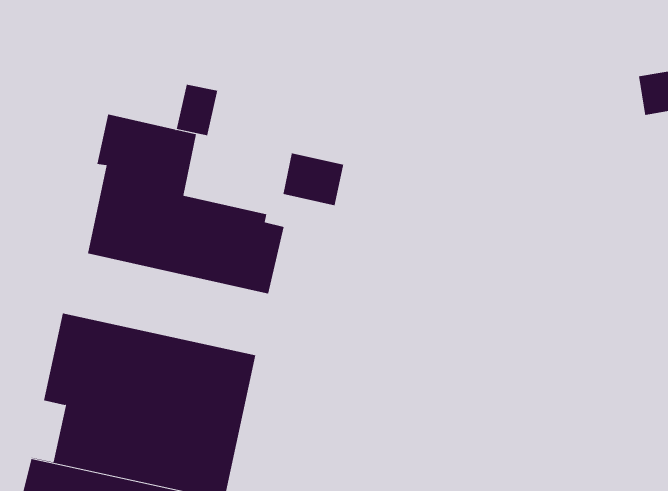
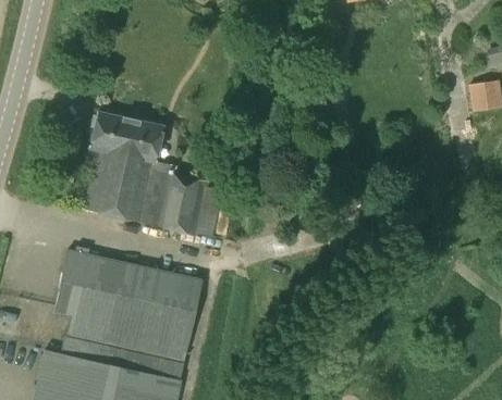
building: [176,84,218,136] -> none
building: [283,152,344,206] -> none

